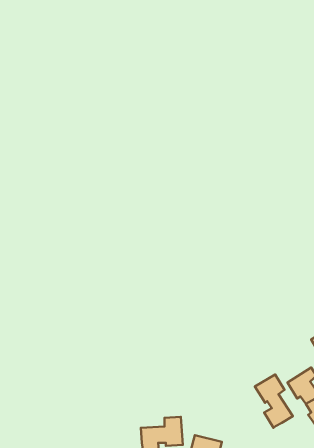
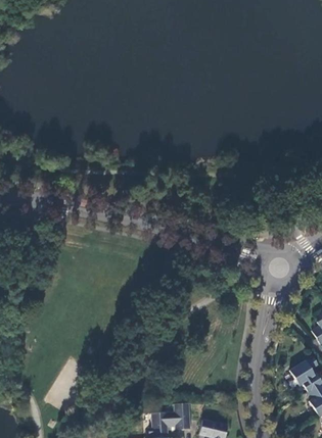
building: [255,374,293,428] -> none

